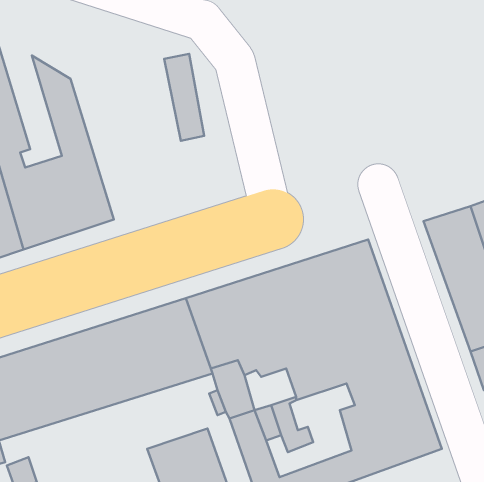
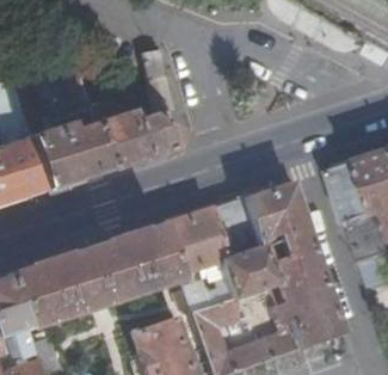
building: none -> [79,68,178,168]

